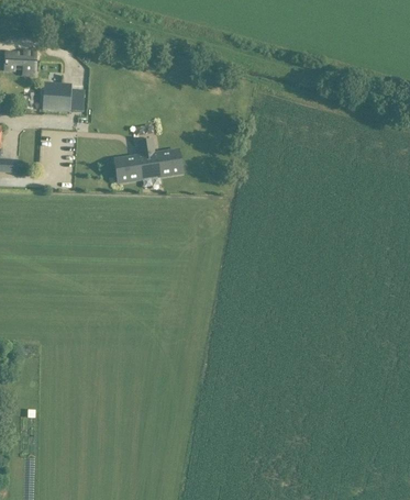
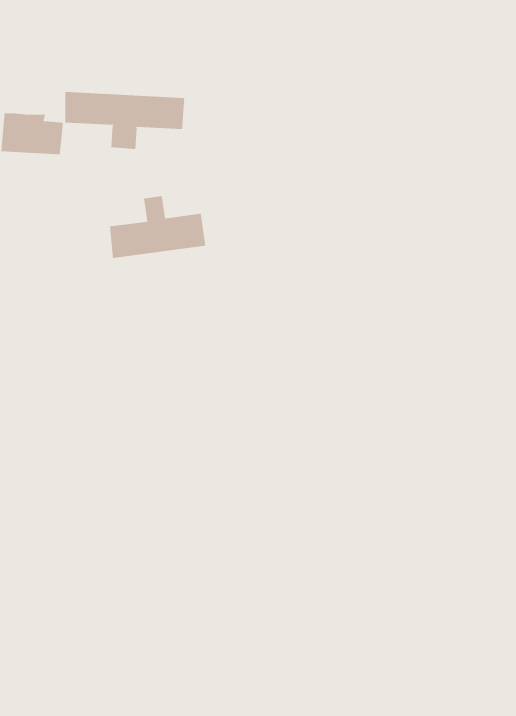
building: none -> [65,91,185,150]

